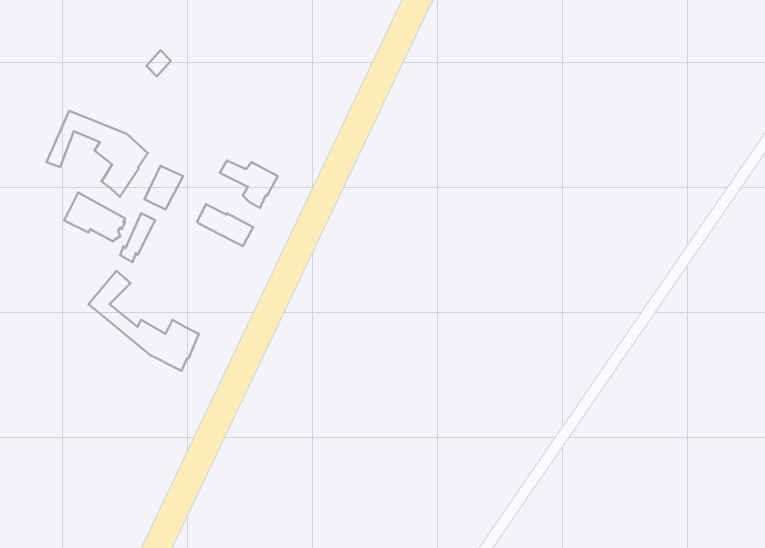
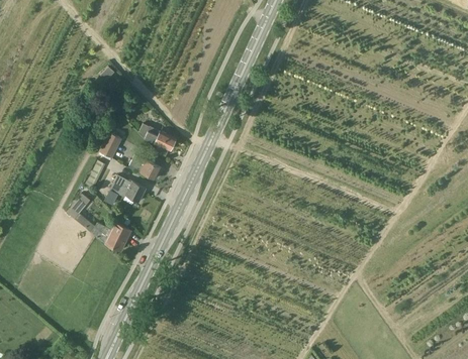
building: [46,111,148,197] -> none
building: [64,192,125,241] -> [110,173,146,202]

